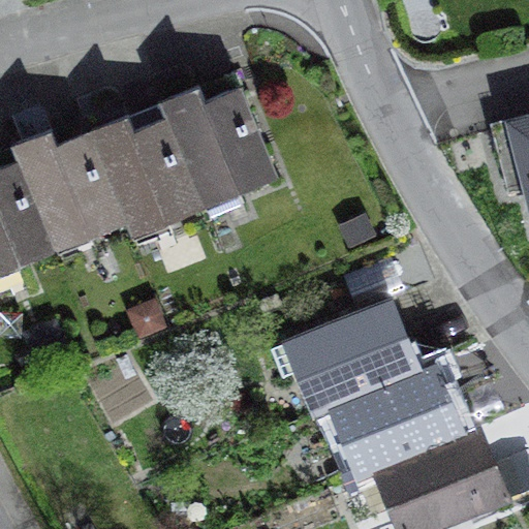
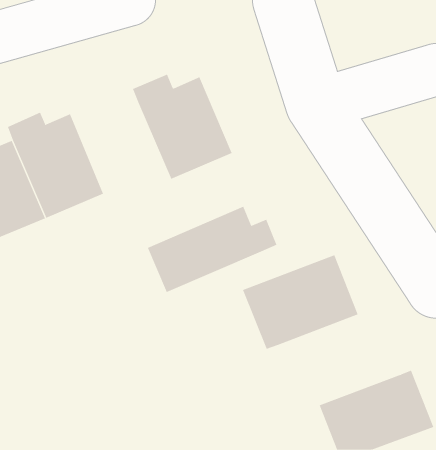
building: [83,116,200,242] -> none
building: none -> [147,206,277,293]
building: [326,362,470,483] -> none

